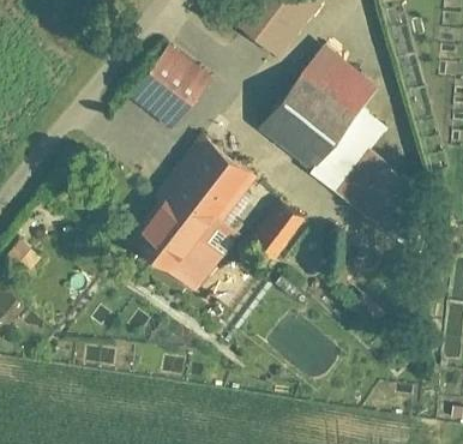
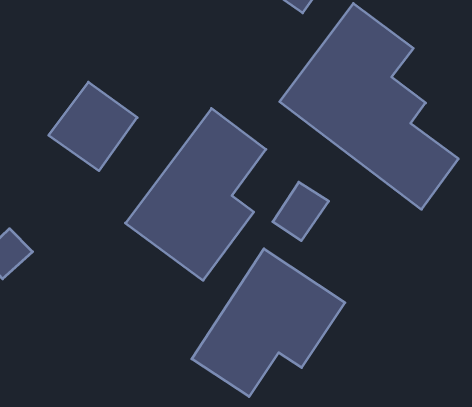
building: [131,48,209,126] -> [49,82,137,171]
building: none -> [192,249,345,397]

